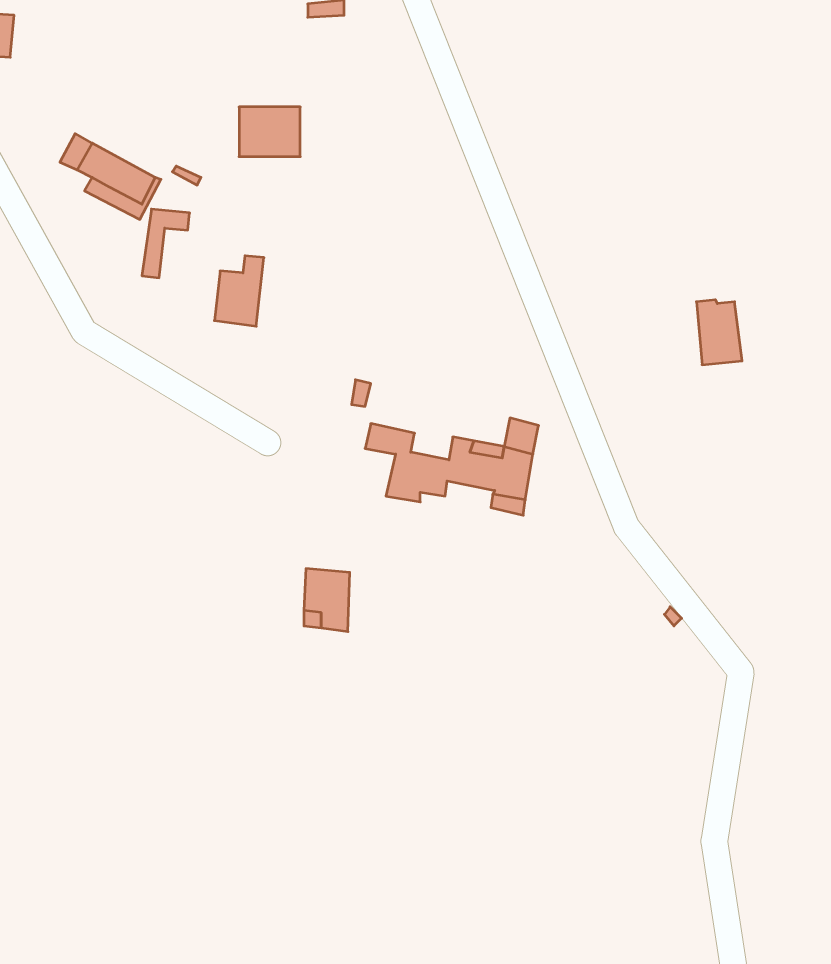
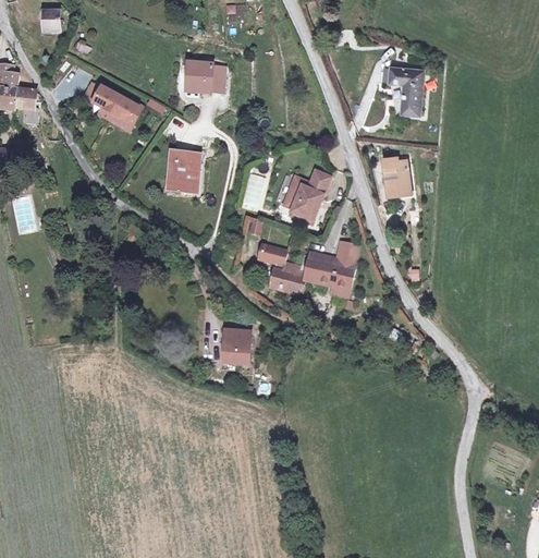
building: none -> [389,66,422,114]
building: [142,209,190,278] -> [162,147,189,186]
building: none -> [280,170,328,225]
building: [696,300,742,365] -> [384,157,411,194]

